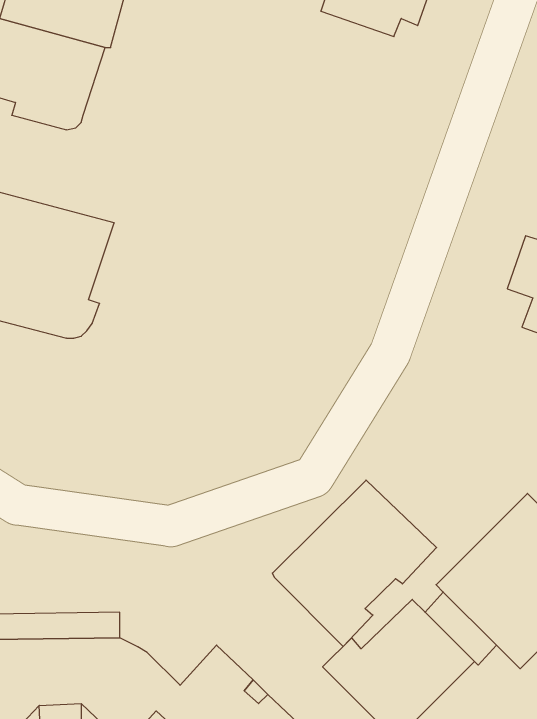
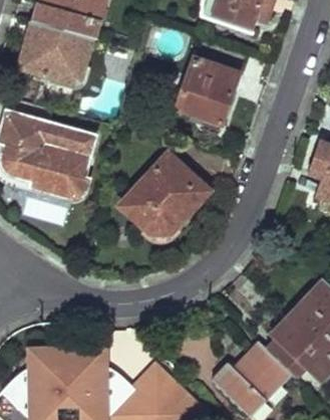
building: none -> [176,57,238,124]
building: none -> [119,153,209,232]
building: [272,480,437,646] -> none

